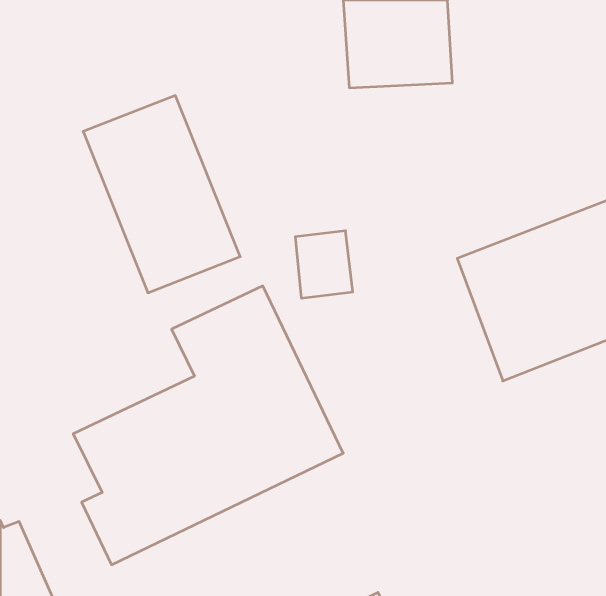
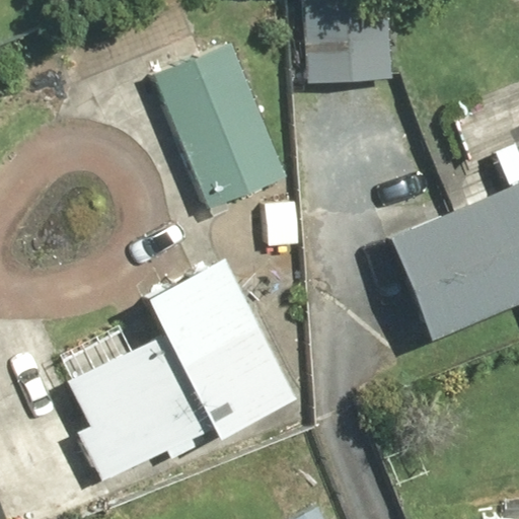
building: [83,96,240,293] -> [156,48,289,214]

